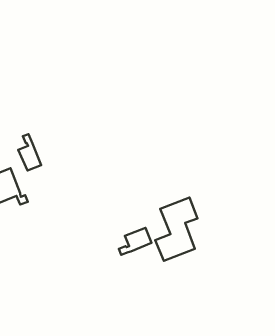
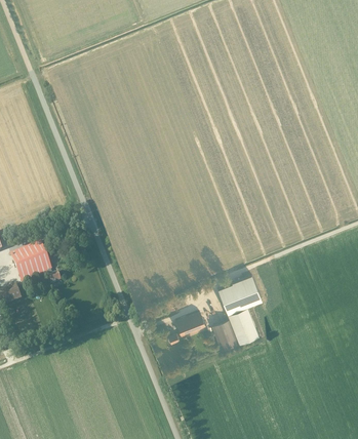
building: [18,134,41,171] -> none

